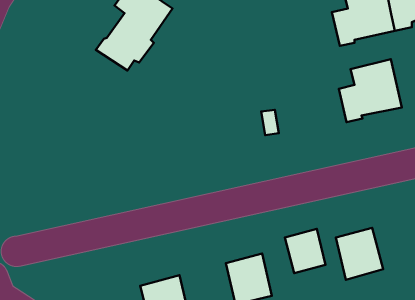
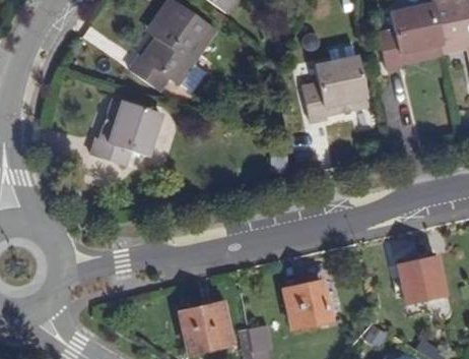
building: [339,59,402,122] -> [307,54,372,119]
building: none -> [98,100,163,165]
building: [285,229,325,273] -> none

